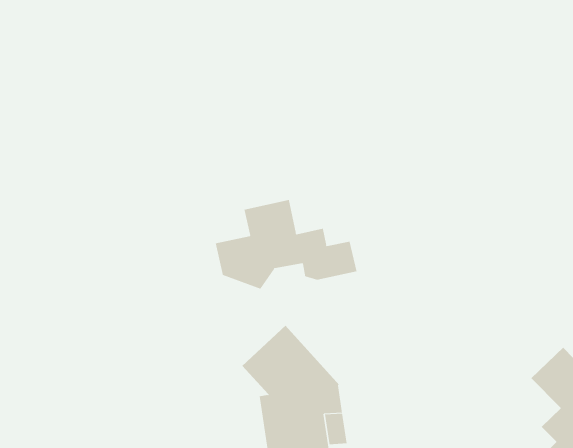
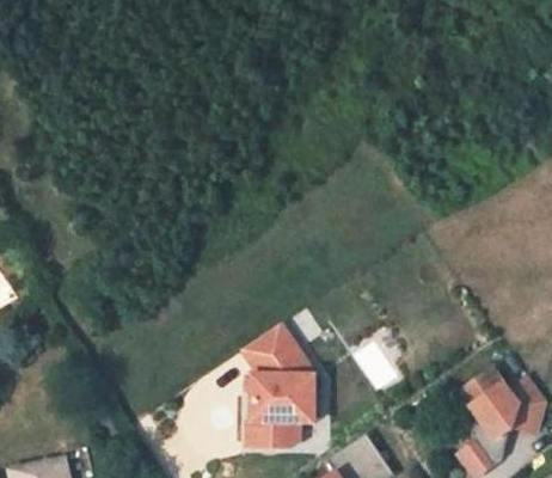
building: [215,199,357,289] -> none

